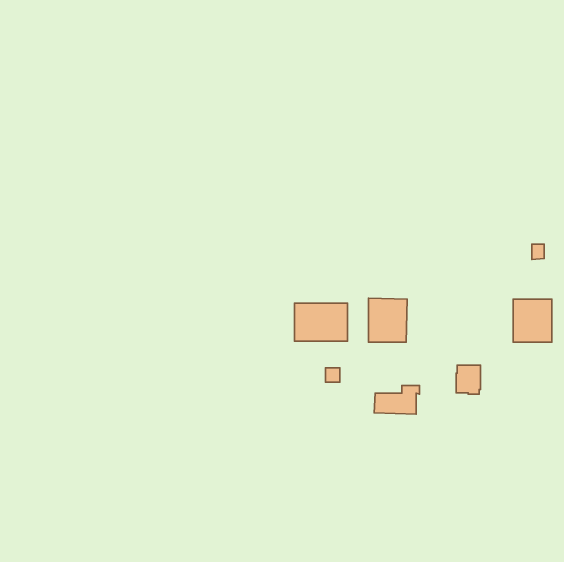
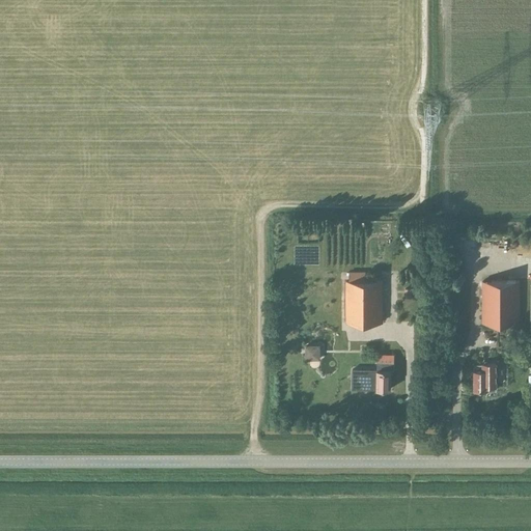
building: [294,303,347,341] -> none
building: [456,365,480,394] -> [474,365,497,392]

